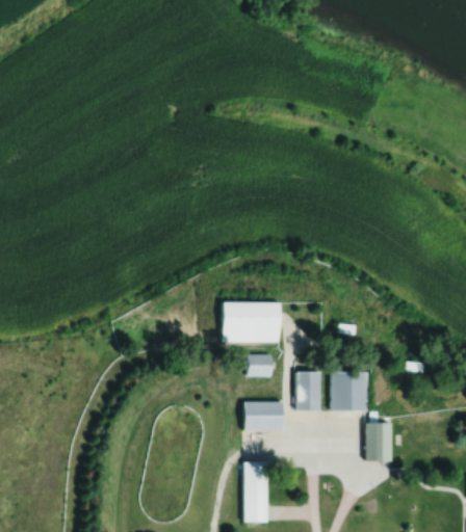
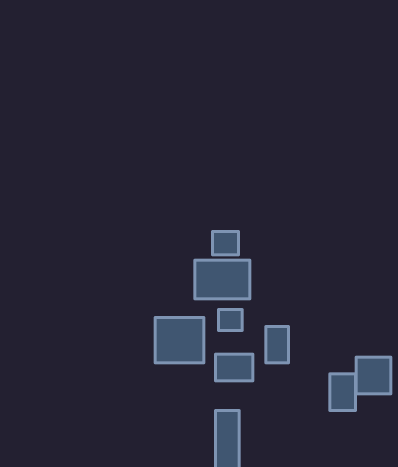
building: none -> [213,231,239,255]
building: none -> [155,317,204,363]
building: [332,372,368,410] -> [356,357,391,394]

